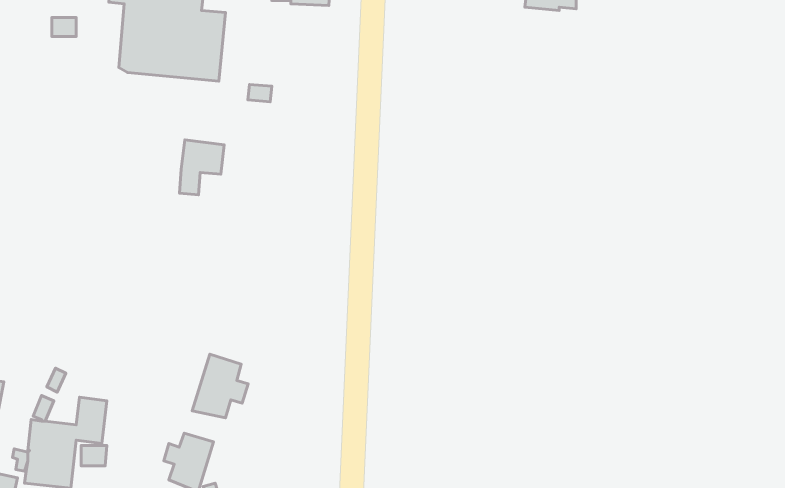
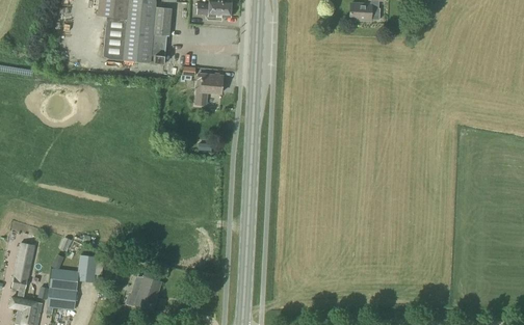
building: [180,140,224,195] -> [195,73,222,106]
building: [192,354,248,418] -> none

